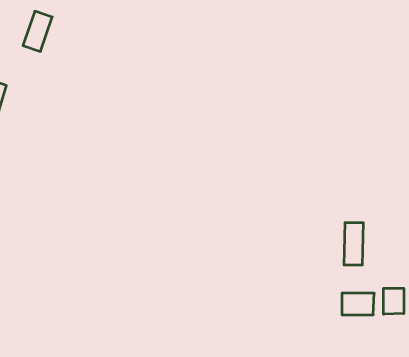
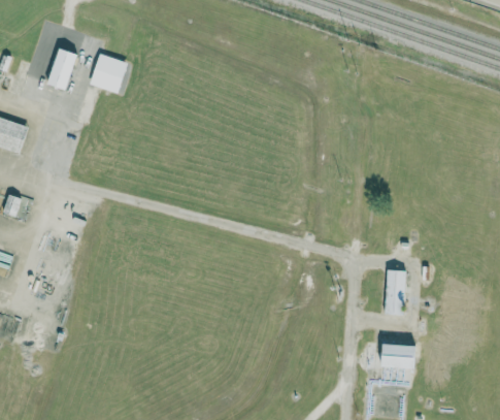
building: none -> [90,54,128,93]
building: [384,288,404,314] -> none

